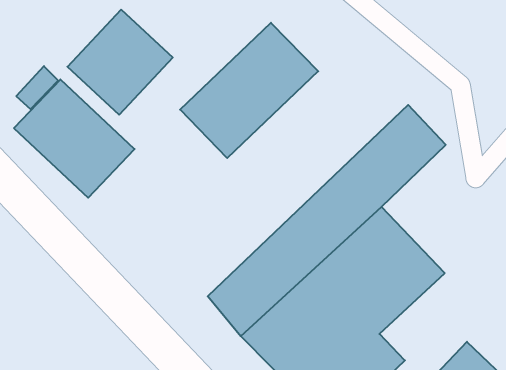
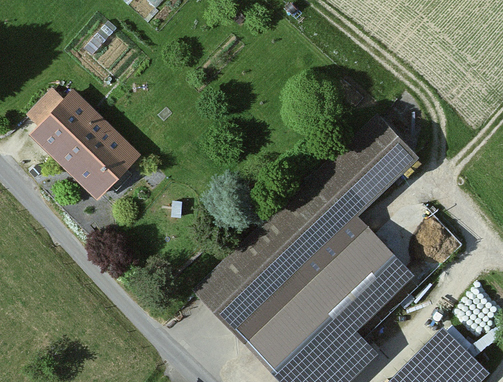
building: [67,10,173,115] -> none
building: [180,23,318,158] -> none

